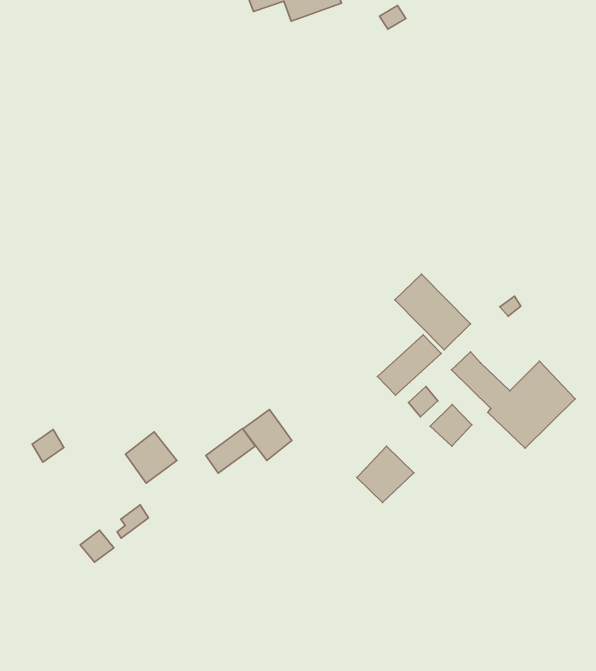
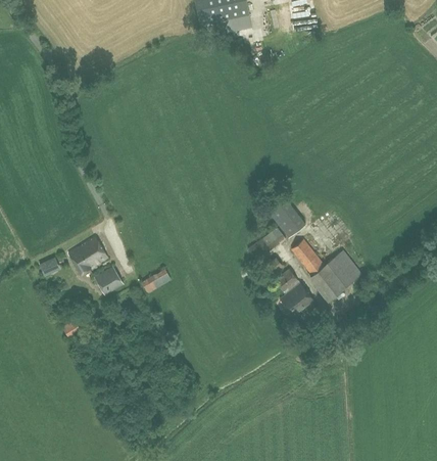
building: none -> [68,236,107,274]
building: [243,410,292,461] -> none
building: [357,446,414,502] -> [280,282,313,315]

